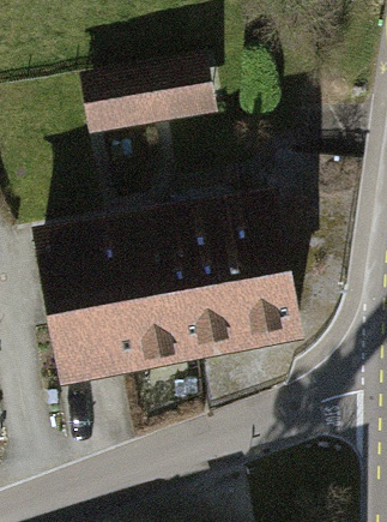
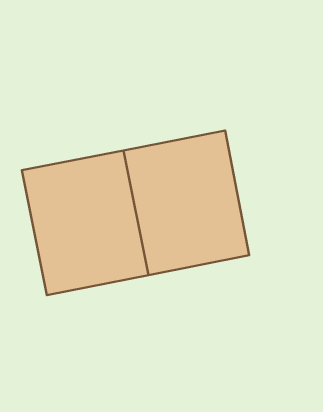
building: [83,65,220,145] -> none

